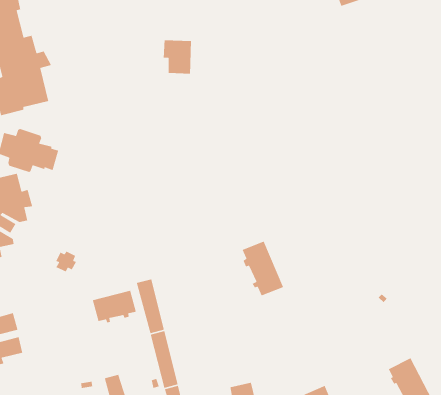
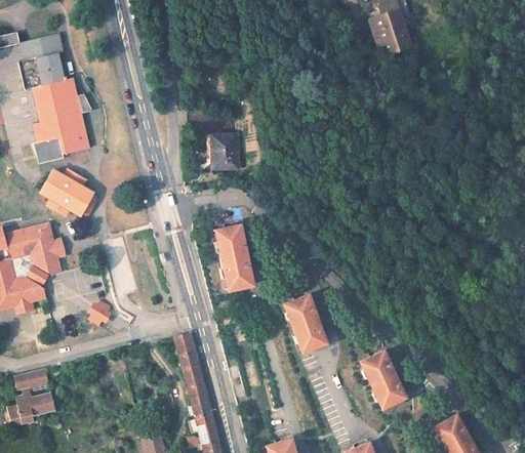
building: [163,40,192,74] -> [212,133,242,169]
building: none -> [214,225,251,289]
building: [92,290,137,323] -> none
building: none -> [360,348,404,407]

